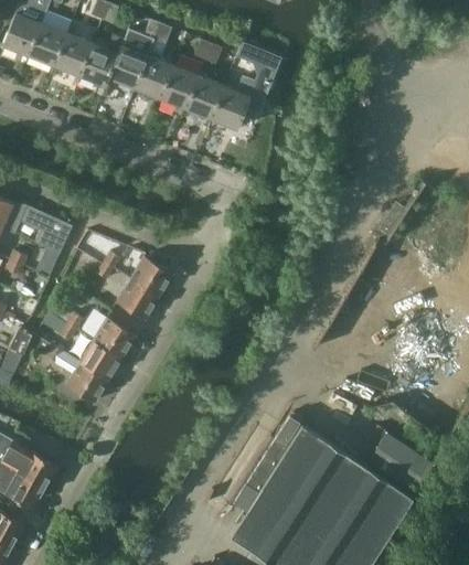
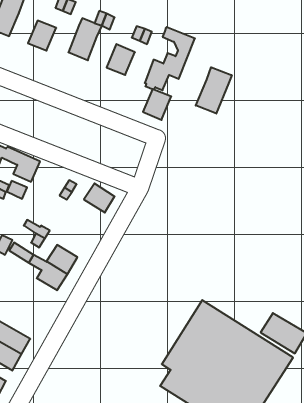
building: [28,24,66,65] -> none
building: [78,36,122,86] -> none
building: [135,56,173,98] -> none
building: [185,77,224,119] -> [143,89,171,120]
building: none -> [196,67,232,114]
building: [116,278,158,319] -> none
building: [93,317,135,356] -> none

